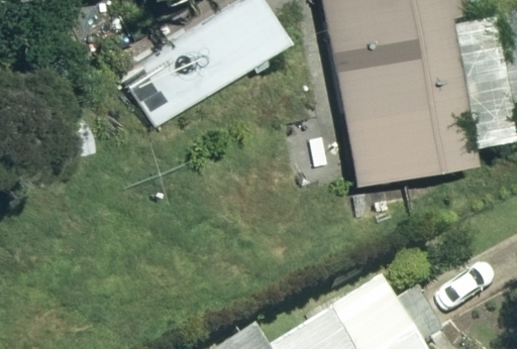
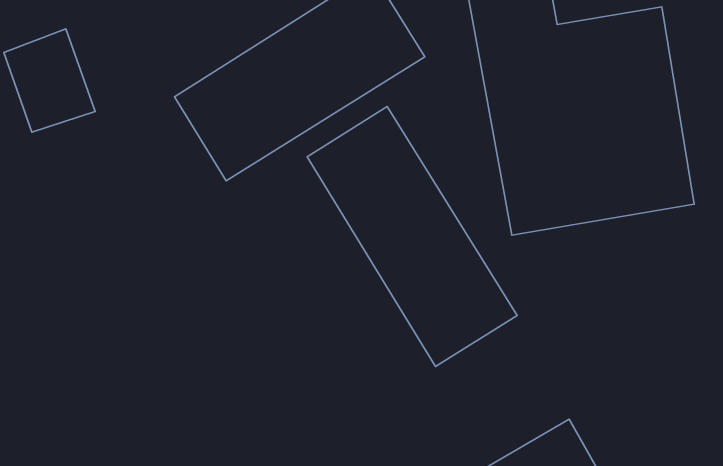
building: none -> [307,106,517,367]

